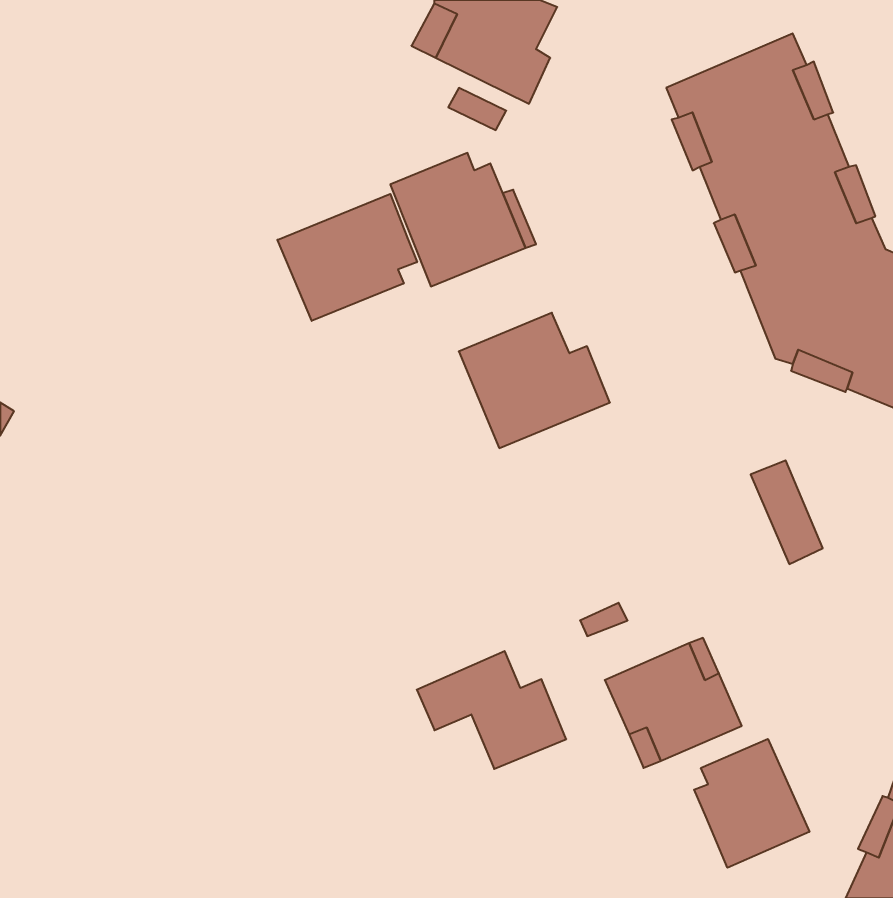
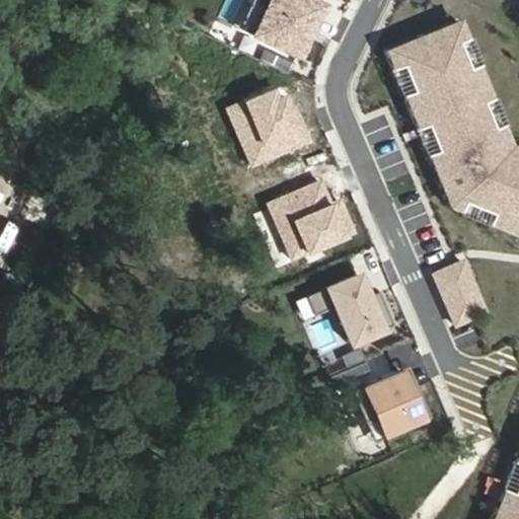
building: [277,194,417,321] -> none
building: [417,651,566,769] -> [308,275,394,343]
building: [694,739,809,868] -> none

